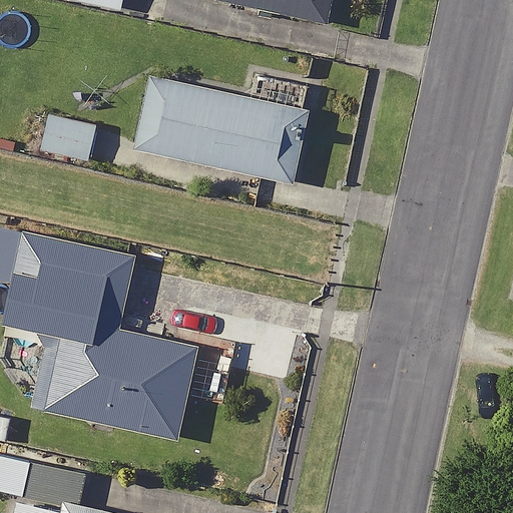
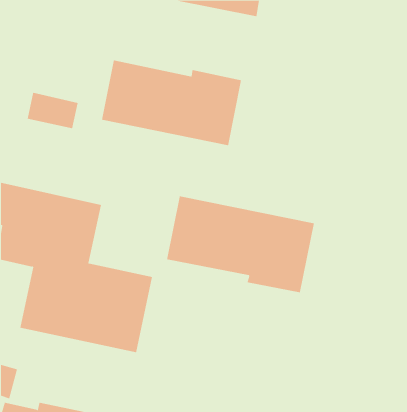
building: none -> [167,196,315,293]

